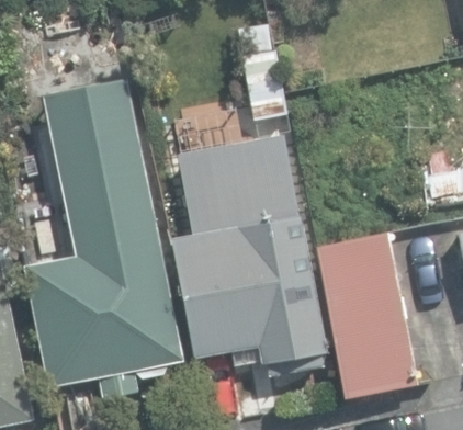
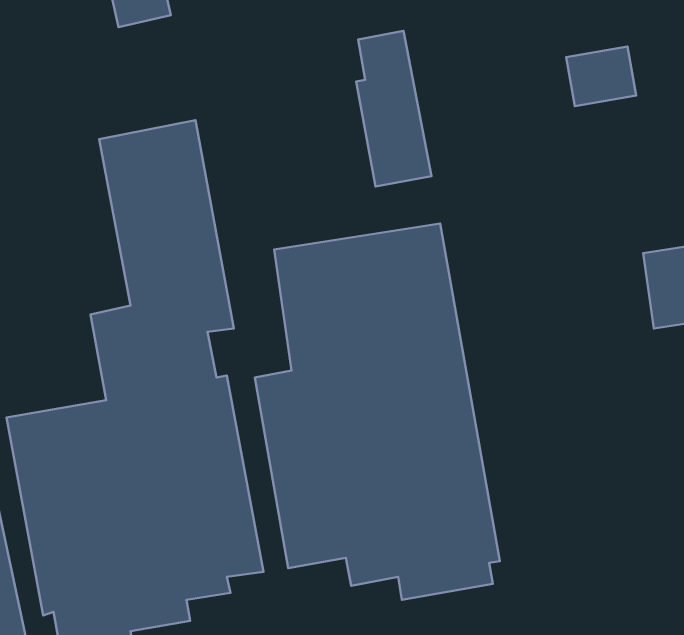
building: [316,230,413,394] -> none

